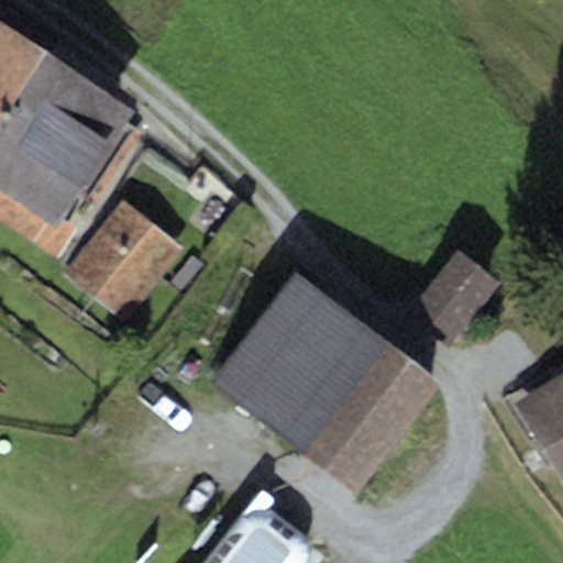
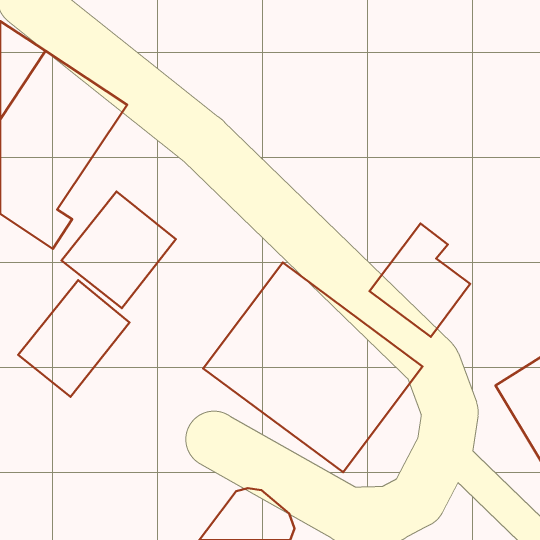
building: none -> [18,280,130,397]

